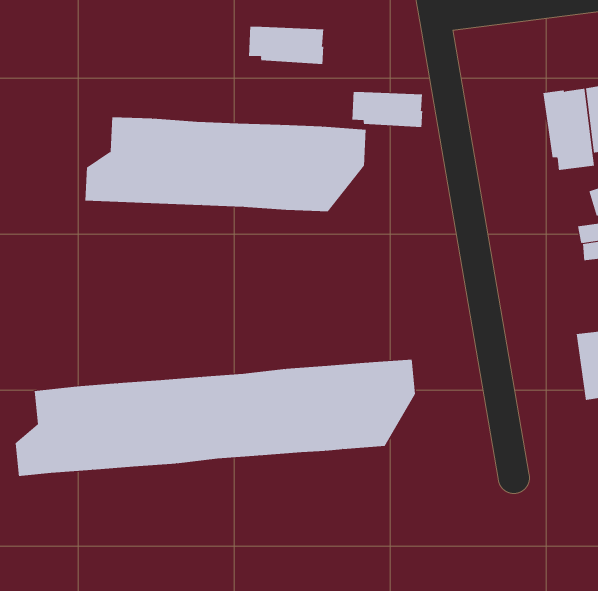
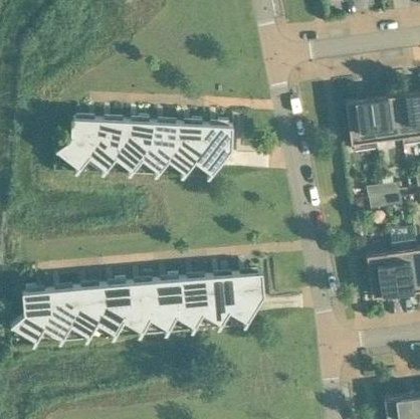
building: [248,26,324,65] -> none
building: [352,91,423,128] -> none

